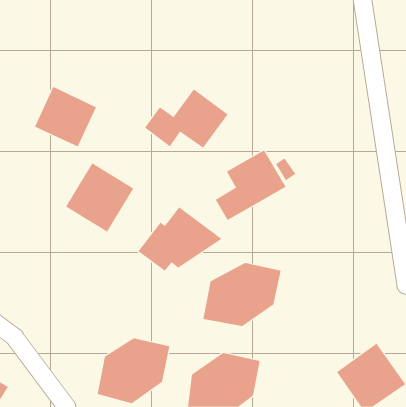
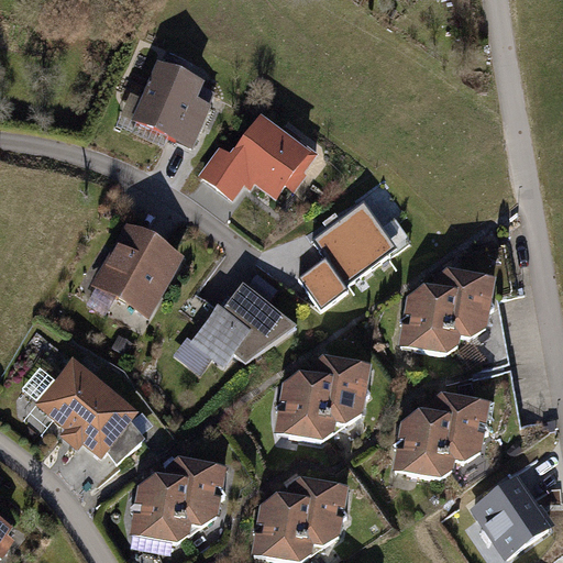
building: [34,86,97,147] -> [131,62,216,144]
building: none -> [404,268,506,354]
building: none -> [33,357,137,459]
building: none -> [391,393,499,478]

